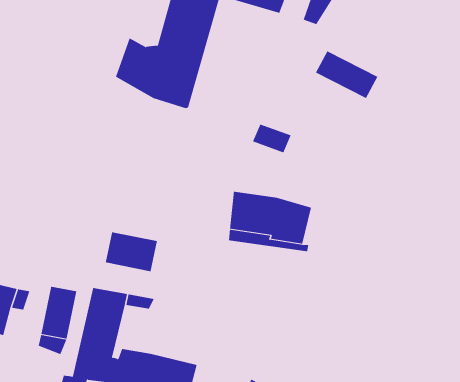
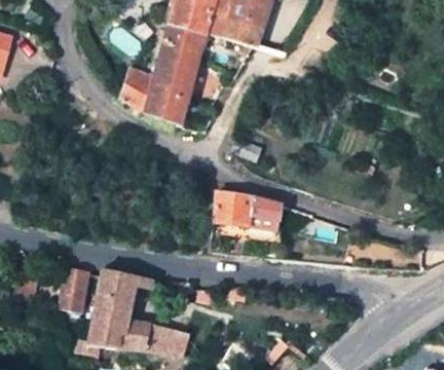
building: [315,51,378,99] -> none
building: [105,231,158,272] -> none

